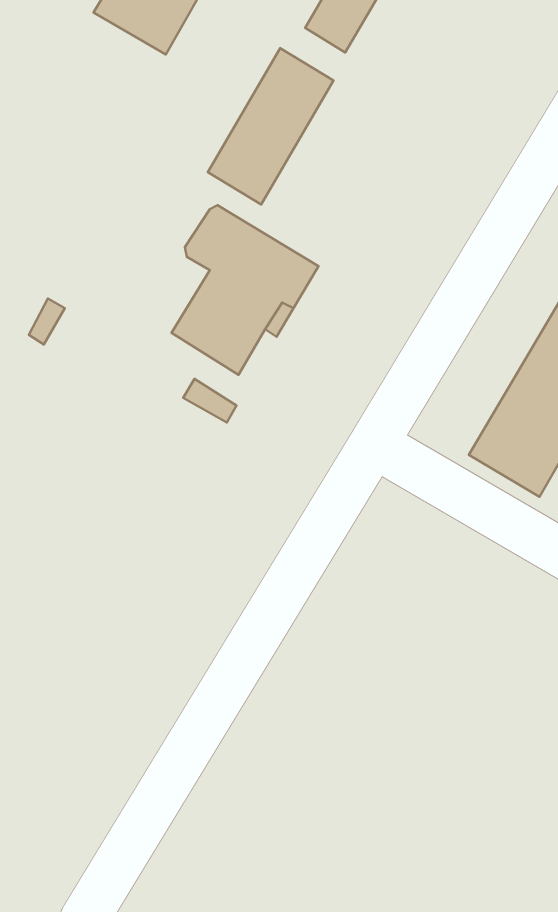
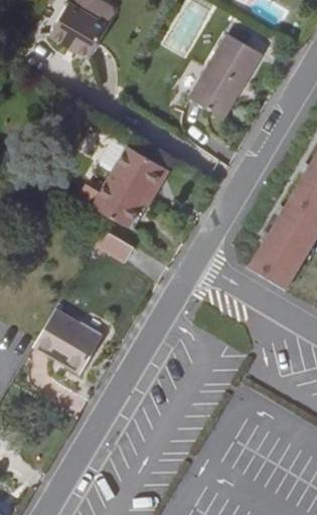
building: [208,48,333,204] -> [192,33,259,116]
building: none -> [34,308,102,372]

